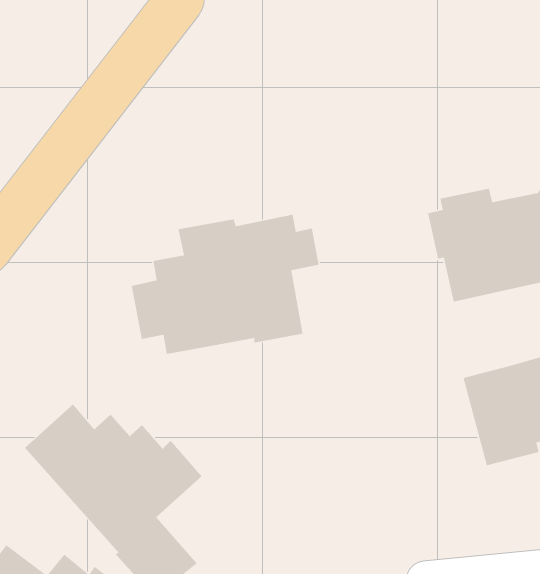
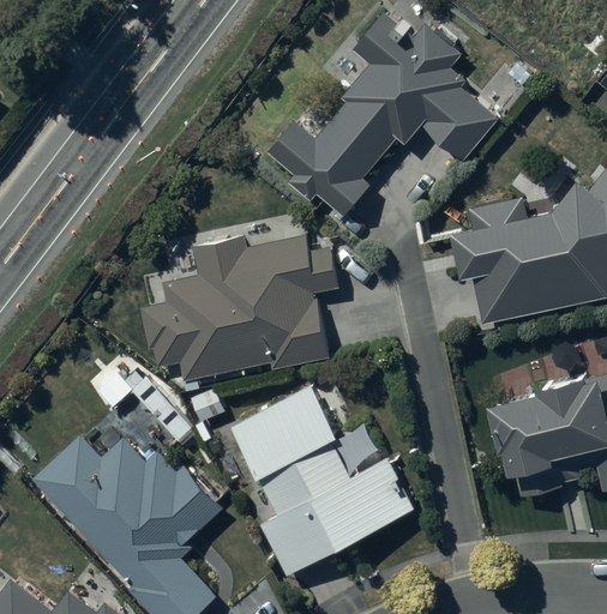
building: none -> [265,11,499,213]
building: none -> [230,386,420,577]

